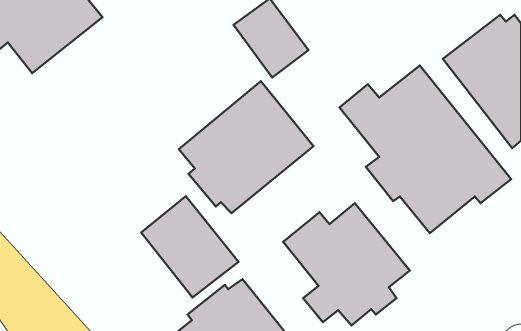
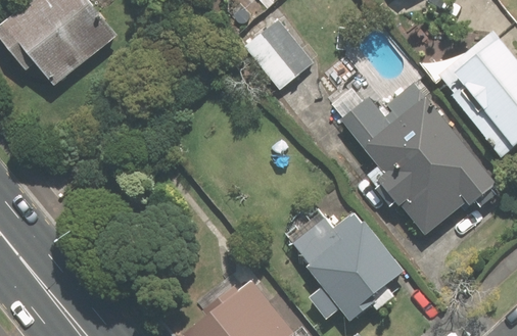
building: [179,81,313,213] -> none
building: [141,196,239,298] -> none

